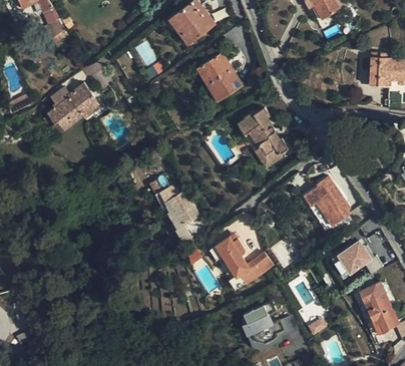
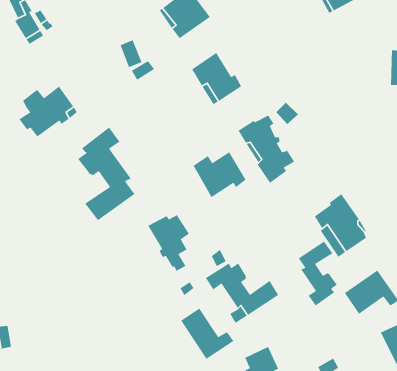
building: none -> [77,127,136,221]
building: none -> [193,151,247,198]
building: none -> [298,240,338,307]
building: none -> [180,307,235,360]

